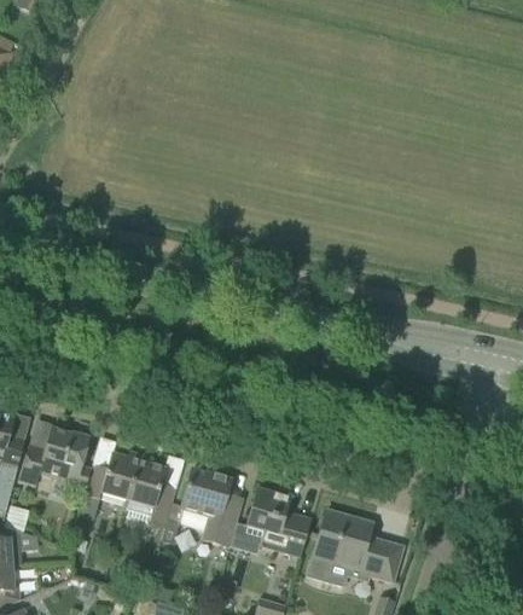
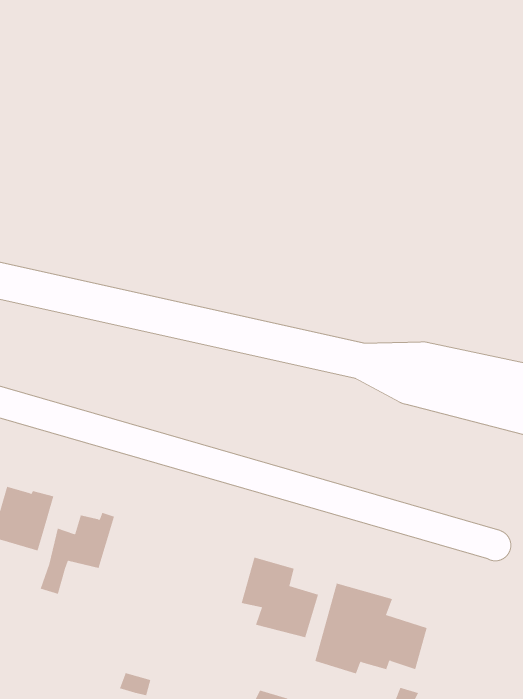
building: [124,453,176,526] -> none
building: [179,468,244,546] -> none

